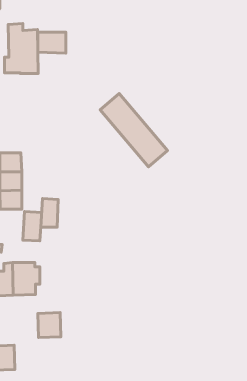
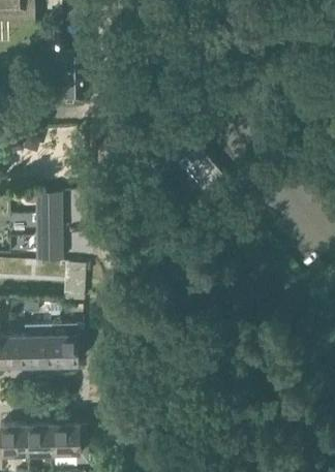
building: [38,32,66,53] -> none
building: [41,198,58,227] -> none
building: [38,313,61,338] -> [52,422,80,452]

